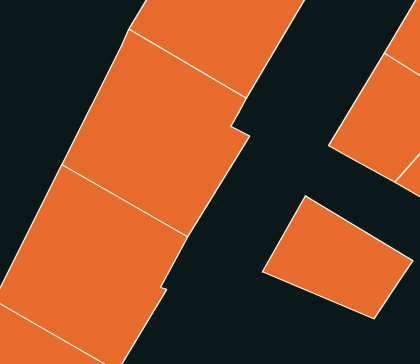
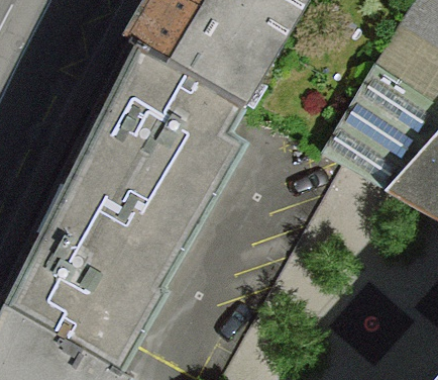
building: [262,196,413,319] -> none

